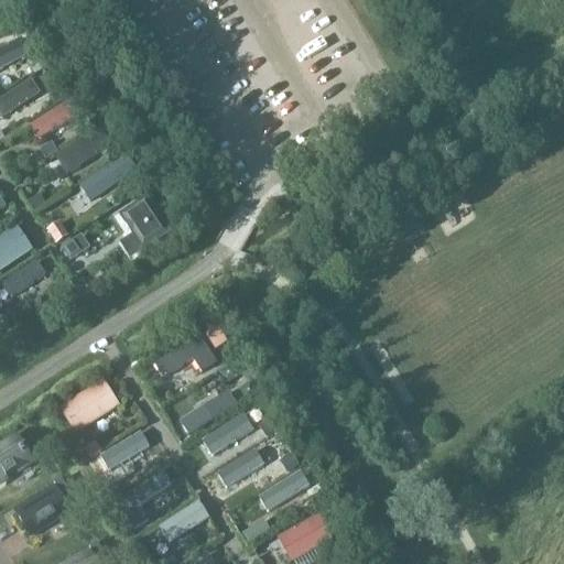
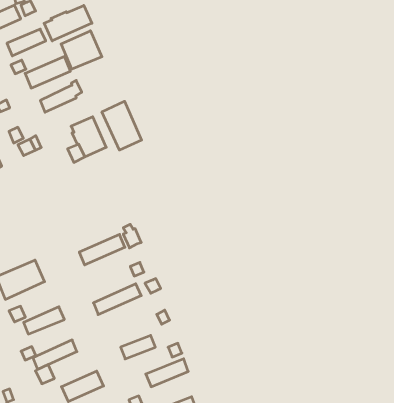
building: none -> [44,5,92,41]
building: none -> [61,31,102,69]
building: none -> [102,101,142,150]
building: [200,414,252,455] -> none

